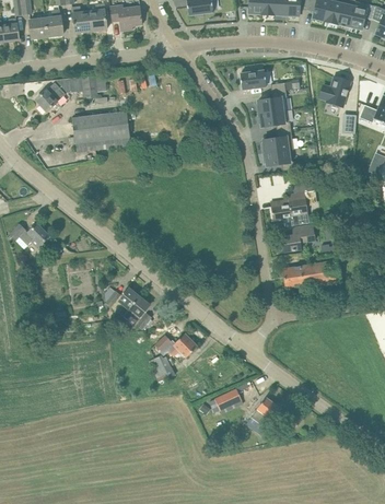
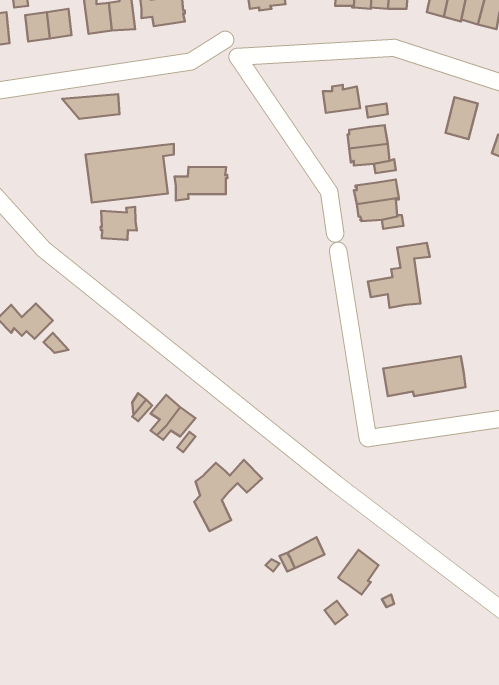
building: [35,81,66,110] -> none
building: none -> [175,167,228,200]
building: none -> [100,207,137,240]
building: [282,223,314,250] -> none

